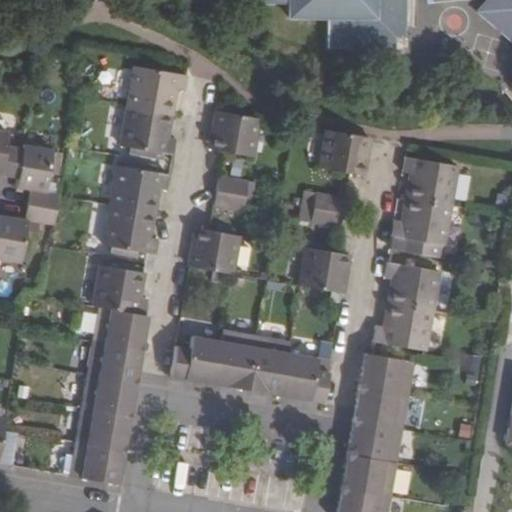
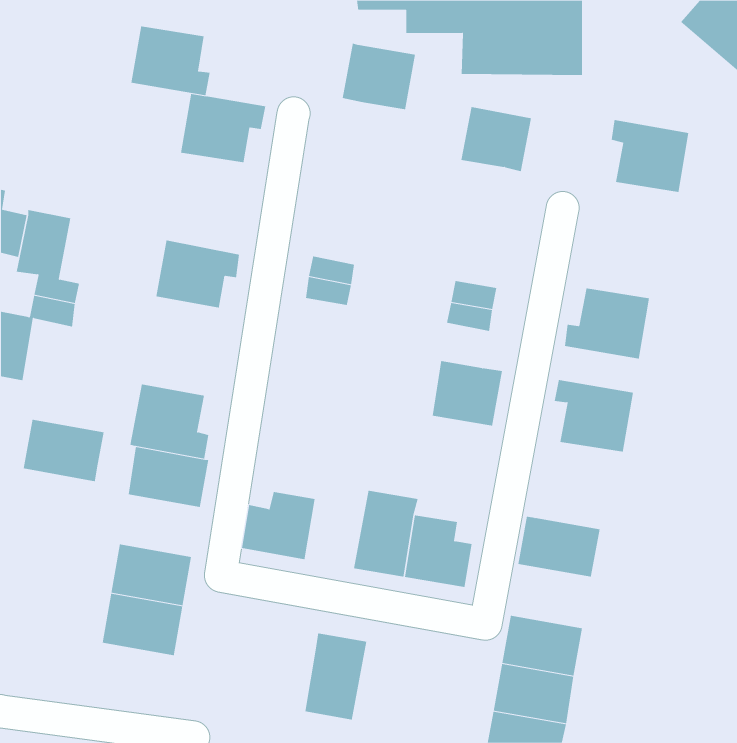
building: [121,105,176,153] -> [130,26,210,96]
building: [209,108,260,154] -> [342,43,416,110]
building: [321,128,370,173] -> [461,106,532,172]
building: [404,155,458,205] -> [611,120,689,192]
building: [104,204,158,254] -> none
building: [189,229,239,274] -> none
building: [373,304,433,353] -> none
building: [214,331,257,391] -> [305,633,367,720]
building: [86,340,142,383] -> [23,419,104,482]
building: [355,388,411,432] -> none
building: [68,442,124,485] -> none

